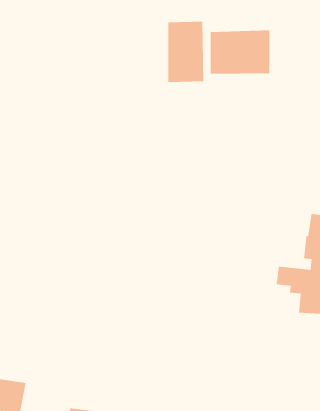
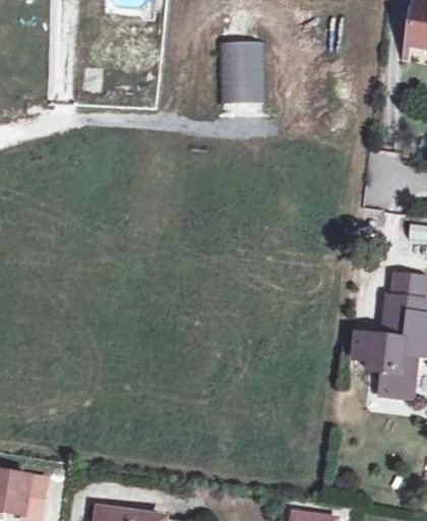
building: [210,30,270,75] -> none

